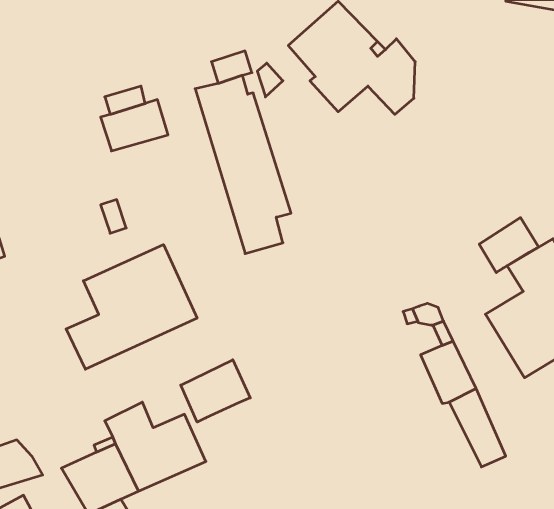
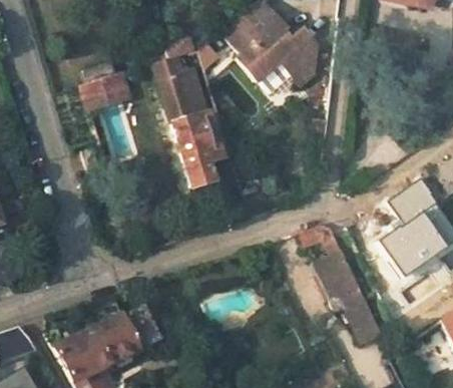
building: [479,218,538,273] -> none
building: [66,245,197,369] -> none
building: [181,360,250,422] -> none

